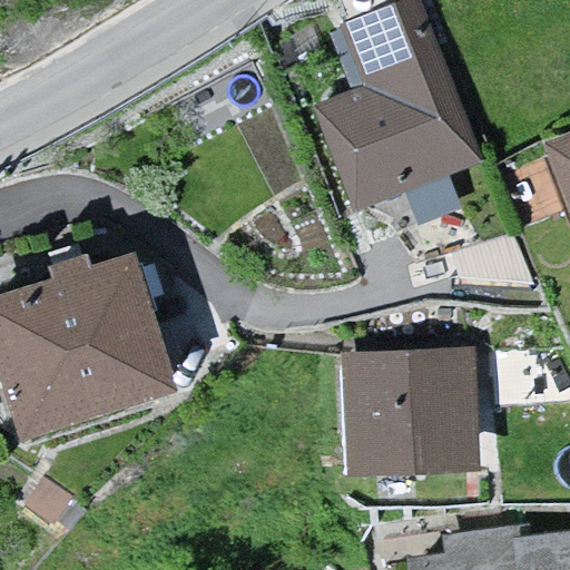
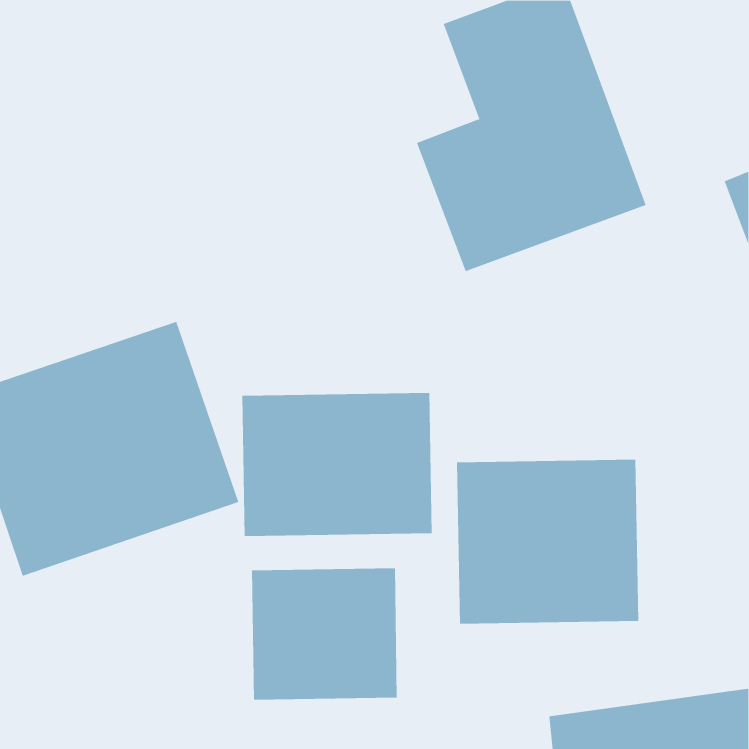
building: none -> [242,392,432,537]
building: none -> [252,567,397,701]

